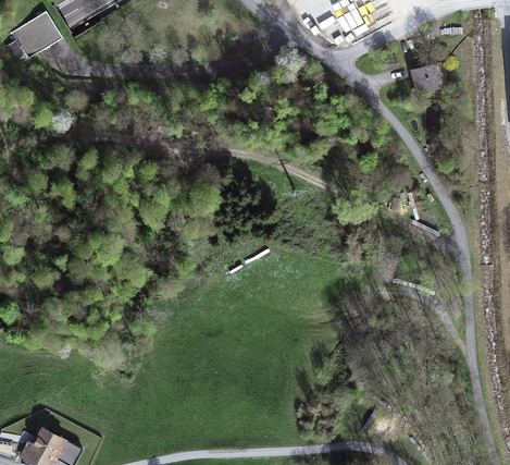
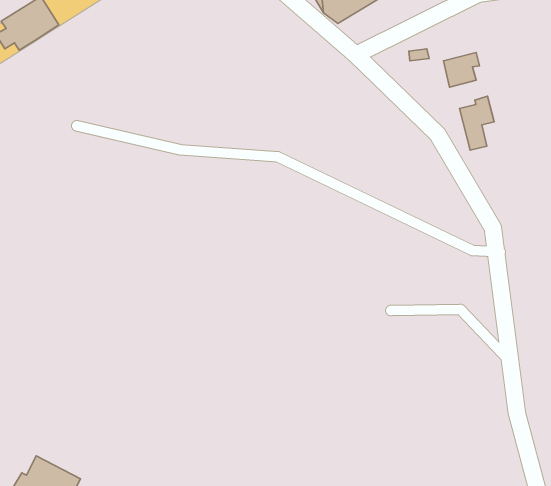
building: none -> [459,96,494,150]

